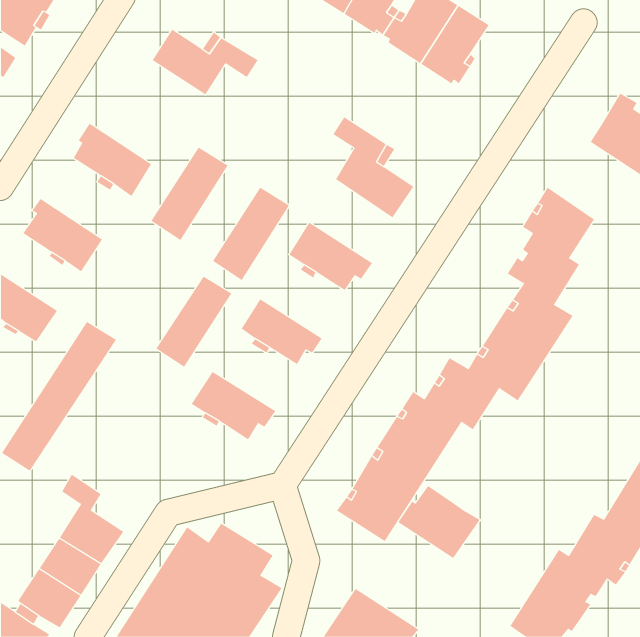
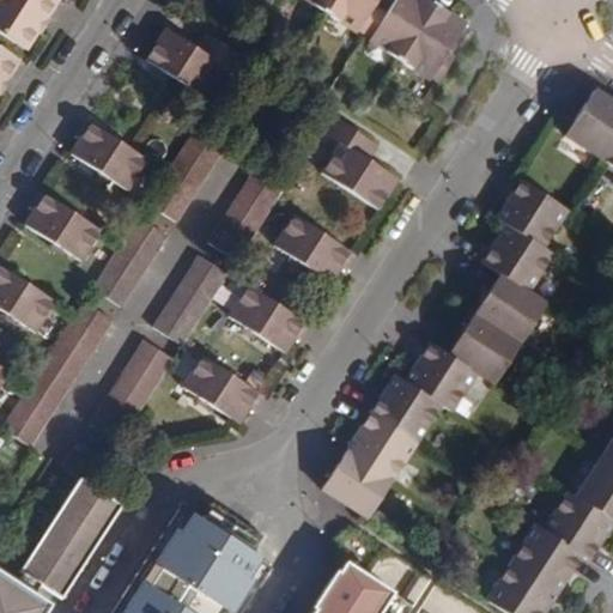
building: none -> [90,224,164,314]
building: none -> [97,344,170,431]
building: [398,485,481,559] -> none

